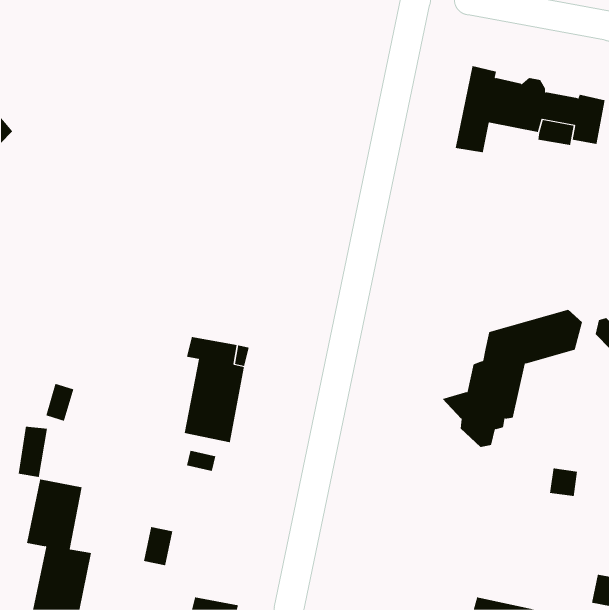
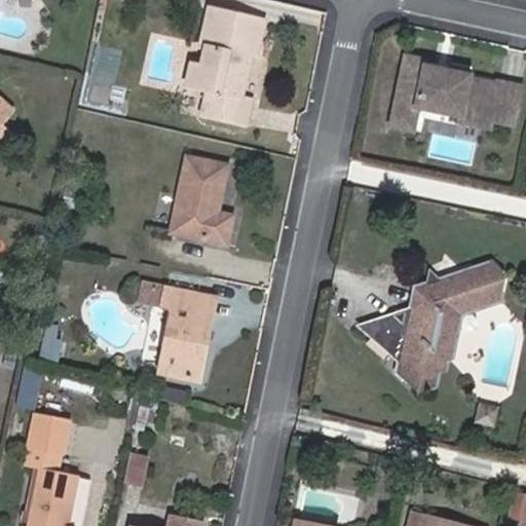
building: none -> [186,11,260,125]
building: none -> [170,159,232,246]
building: none -> [356,300,418,343]

